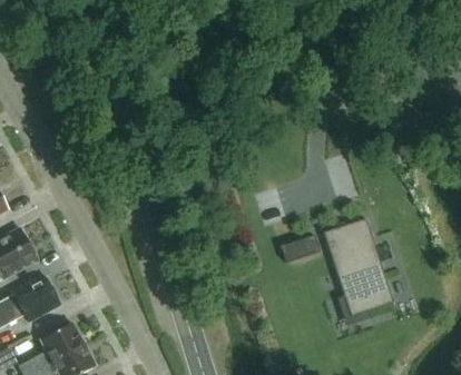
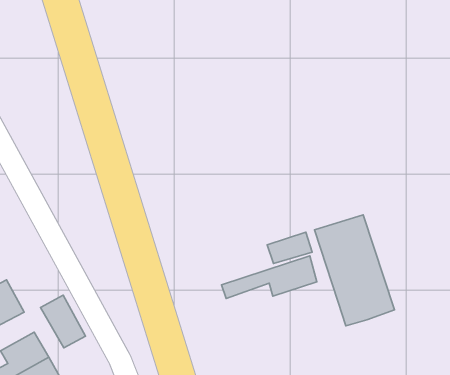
building: none -> [222,256,317,298]
building: none -> [40,295,85,348]

